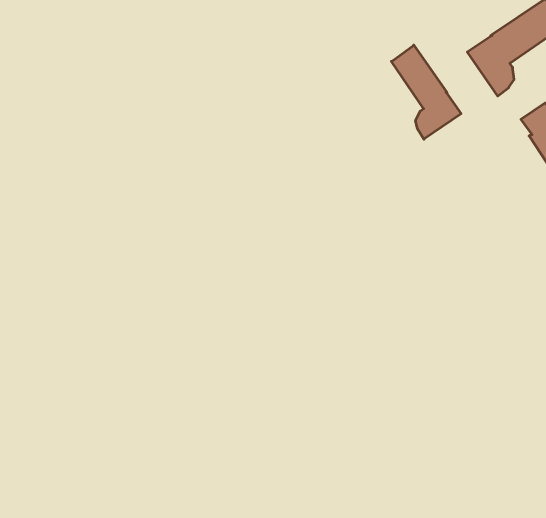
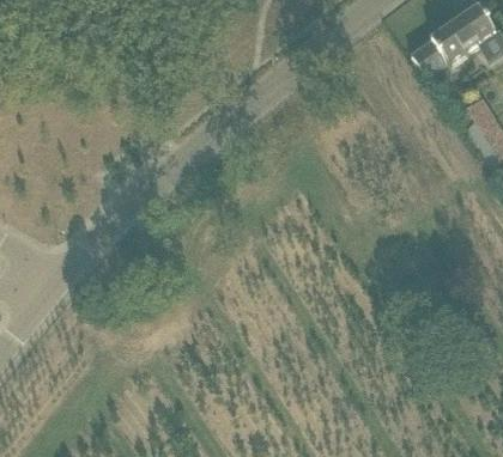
building: [391,45,461,139] -> none

